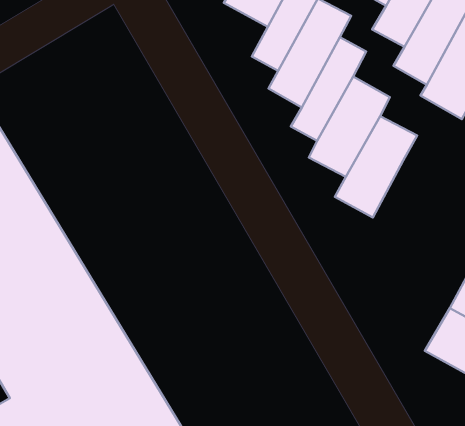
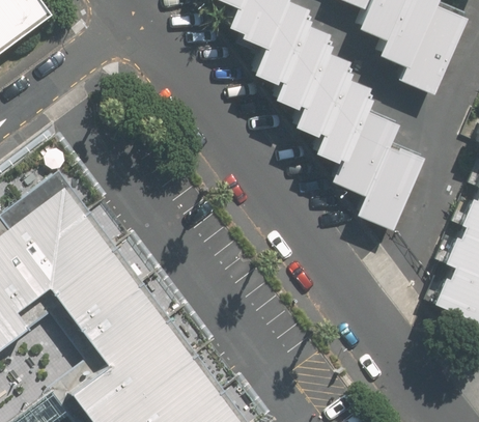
building: none -> [362,141,423,225]

